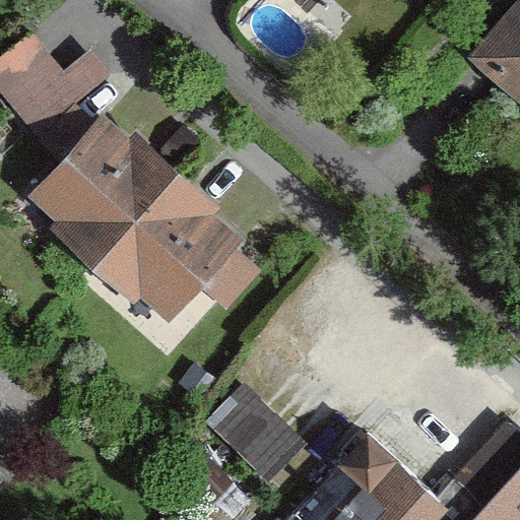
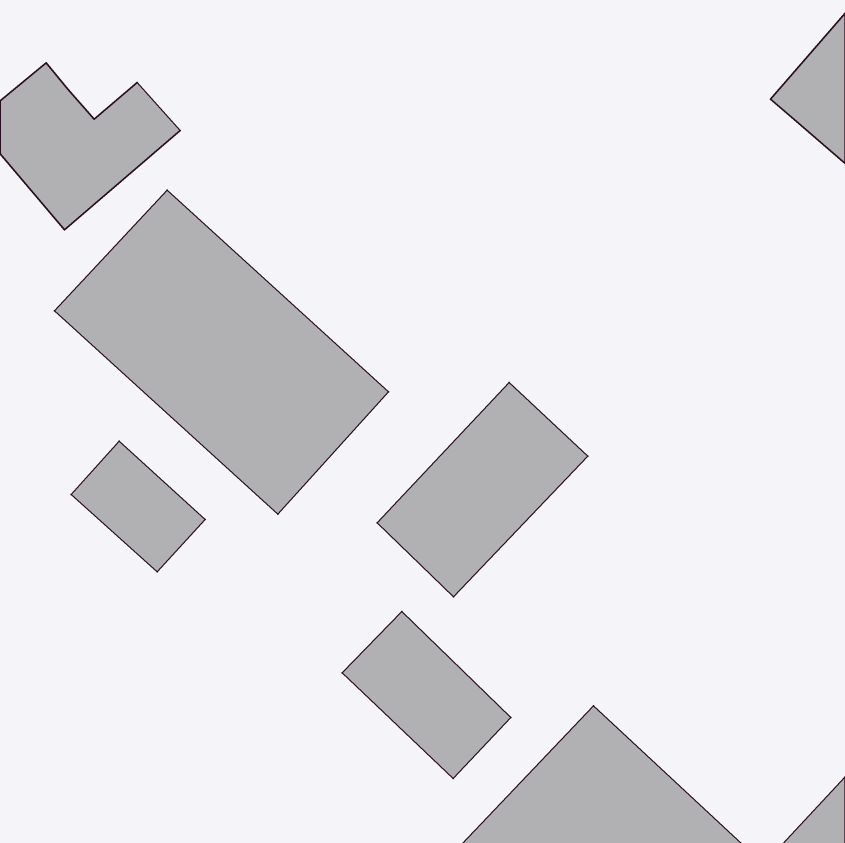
building: none -> [377,383,588,597]
building: none -> [71,441,205,572]

